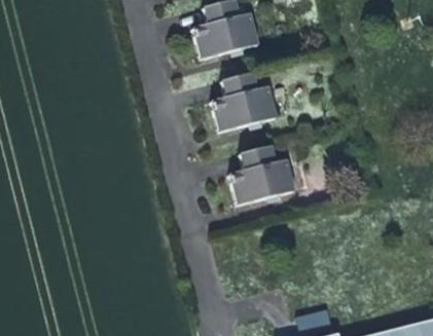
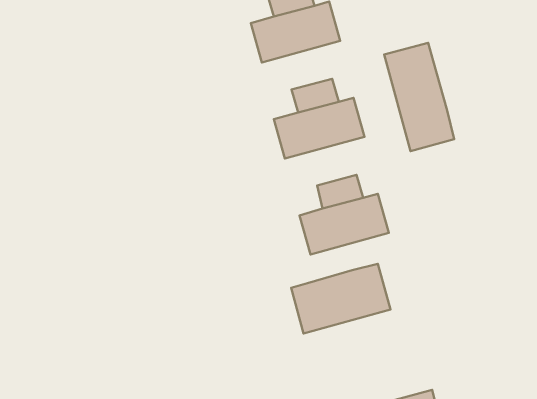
building: none -> [384,43,454,151]
building: none -> [291,264,391,333]

